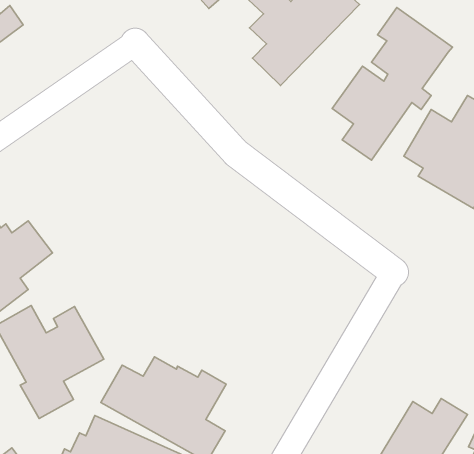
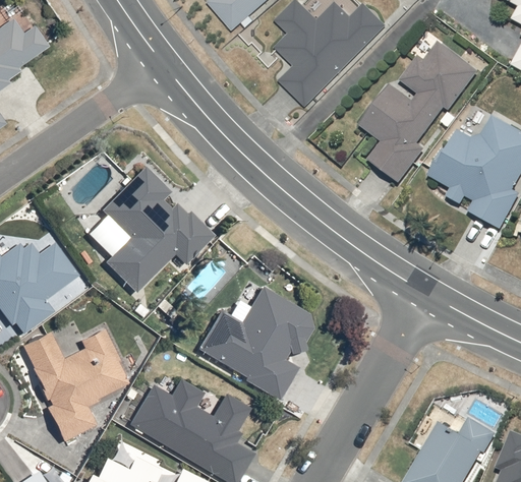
building: none -> [90,163,214,292]
building: none -> [195,288,315,400]

